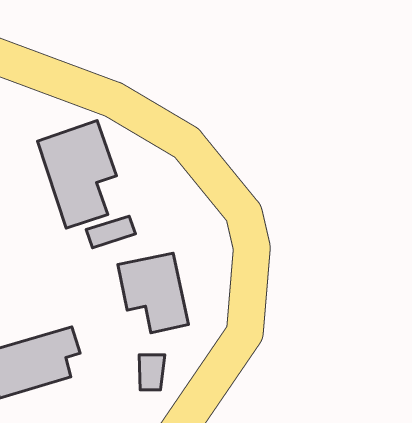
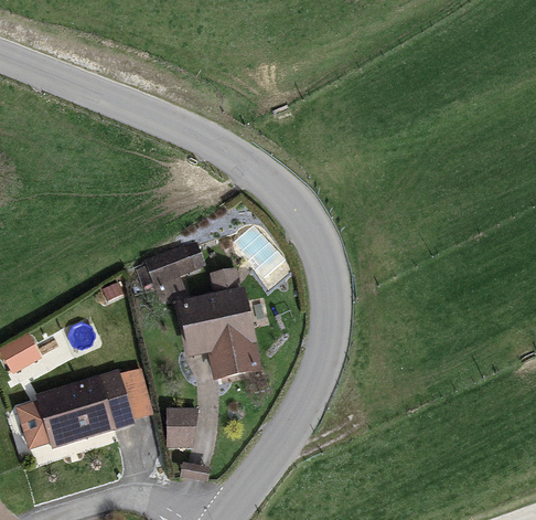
building: [37,121,117,228] -> none
building: [139,355,165,390] -> [167,408,194,446]

